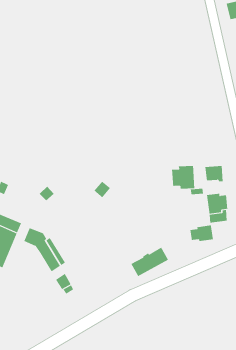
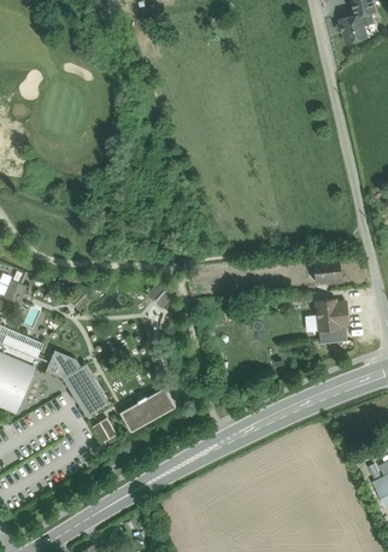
building: [172,165,195,189] -> none
building: [190,225,213,242] -> none
building: [130,247,169,277] -> [118,388,175,433]

